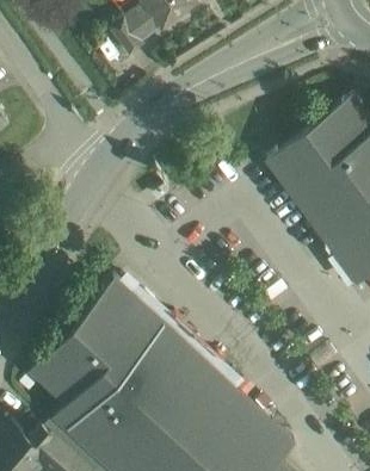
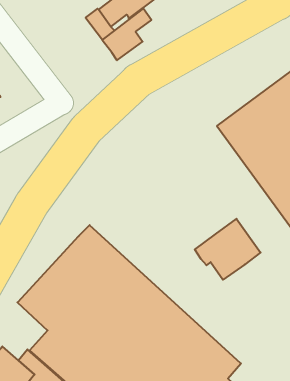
building: none -> [102,9,151,60]
building: none -> [195,219,261,280]

